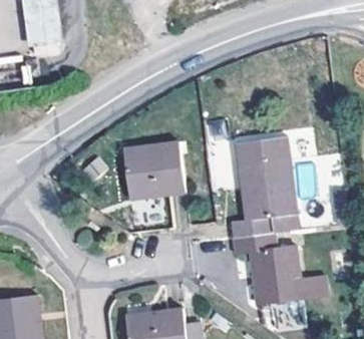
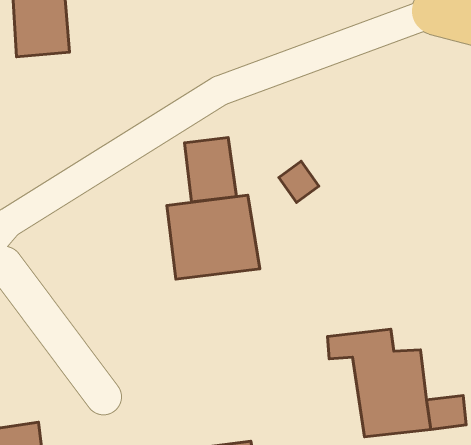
building: none -> [184,138,237,202]
building: [231,134,295,236] -> none

